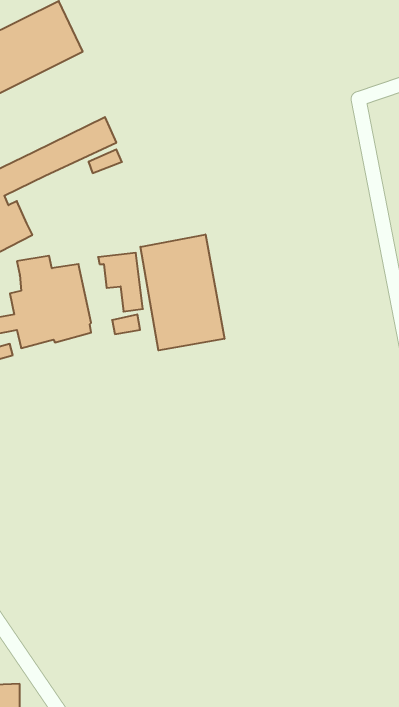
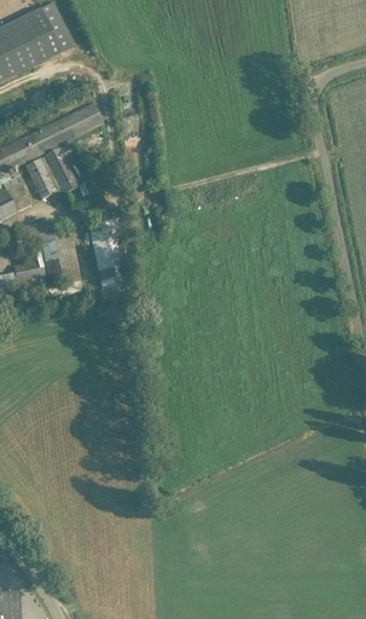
building: none -> [24,141,79,198]
building: [140,234,224,350] -> none

